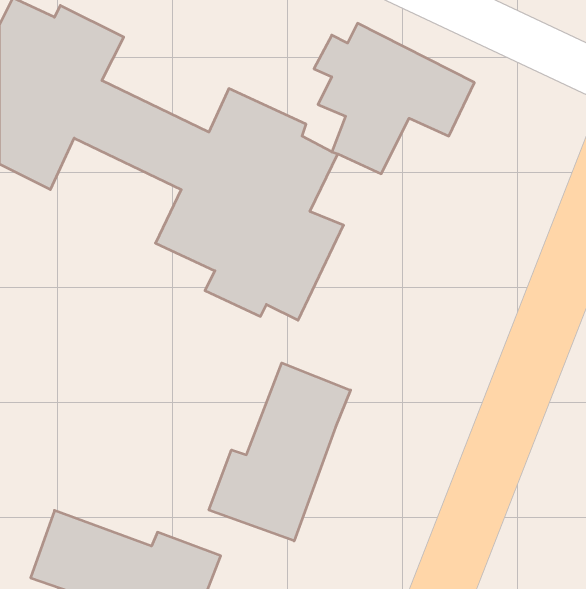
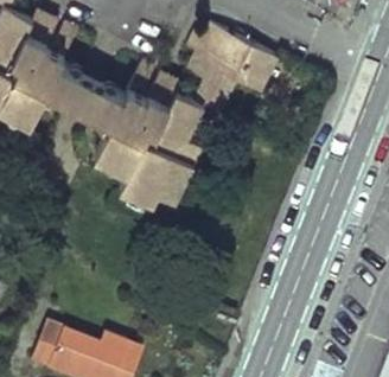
building: [209,363,351,541] -> none

